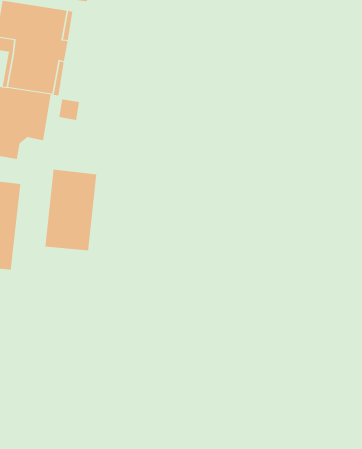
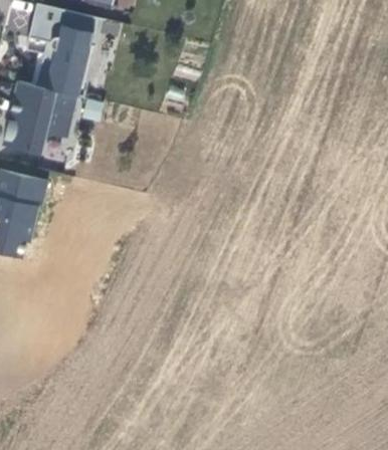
building: [45,169,97,251] -> none

